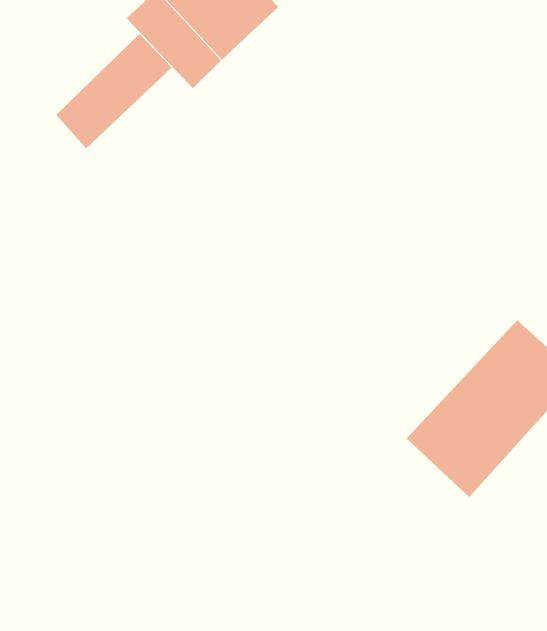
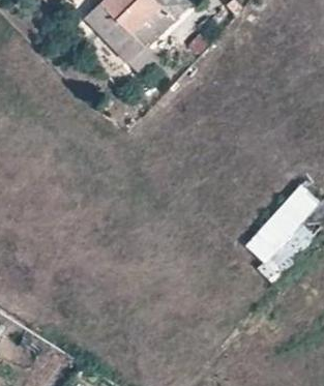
building: [55,33,172,149] -> none

